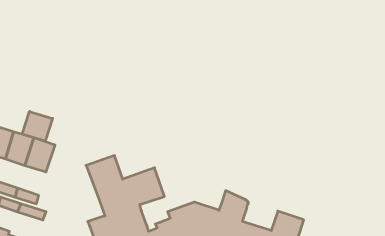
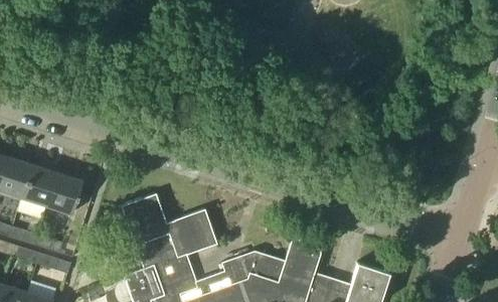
building: [22,111,53,141] -> none

